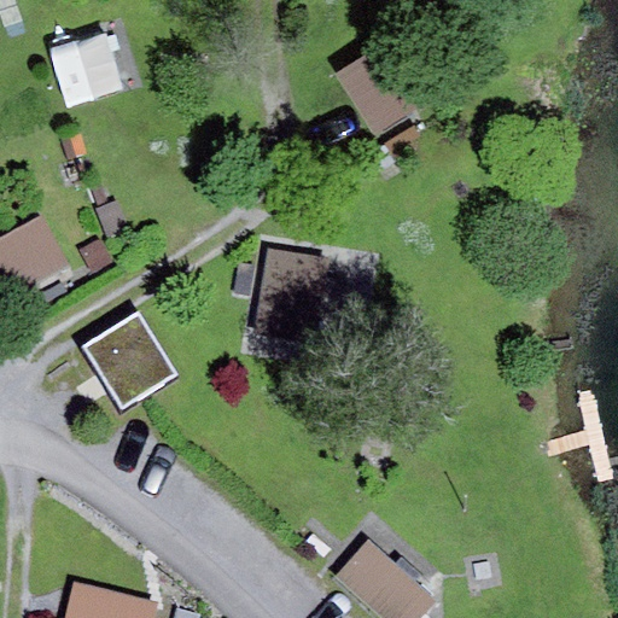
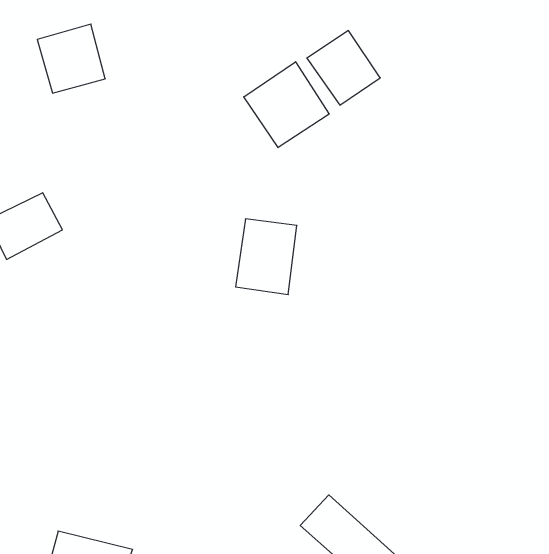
building: none -> [244,62,329,148]
building: [86,308,180,404] -> none

